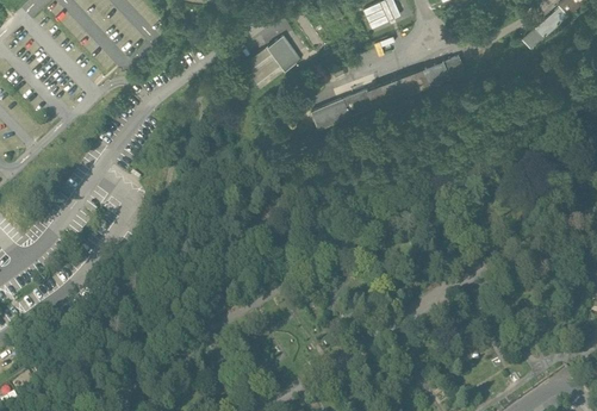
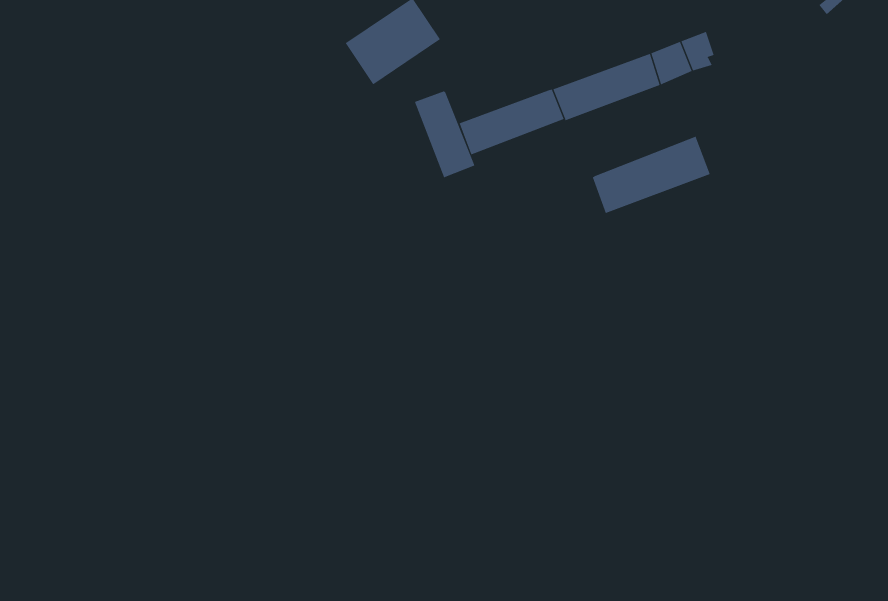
building: none -> [414,90,475,178]
building: none -> [592,136,710,214]

